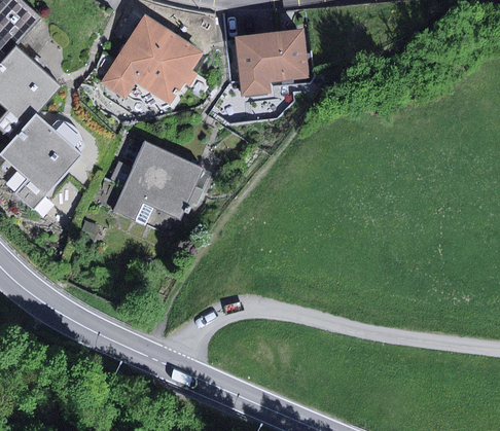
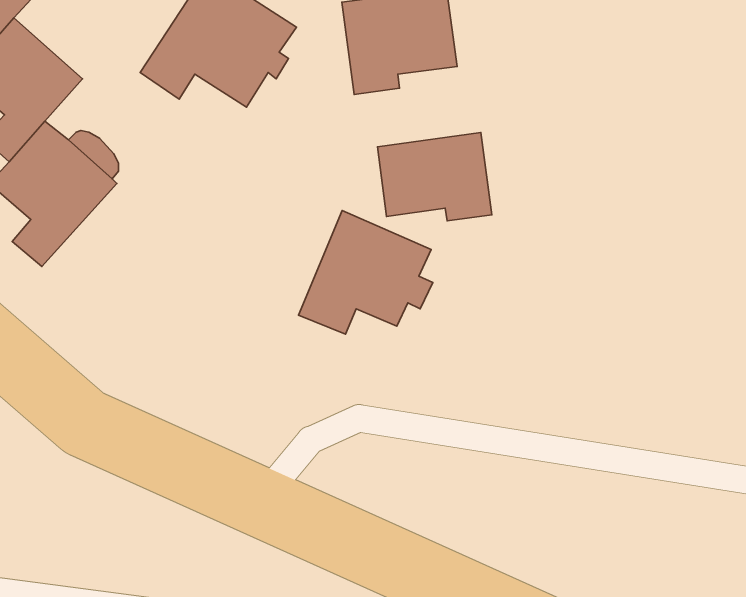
building: none -> [378,133,492,221]
building: [114,143,203,224] -> [298,210,433,334]

